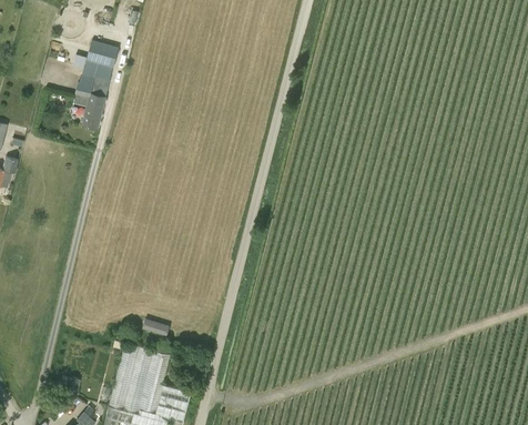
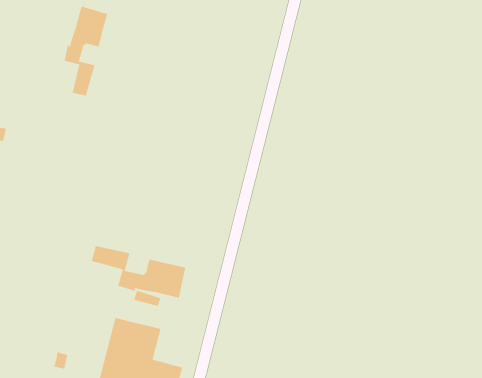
building: none -> [91,245,186,298]

